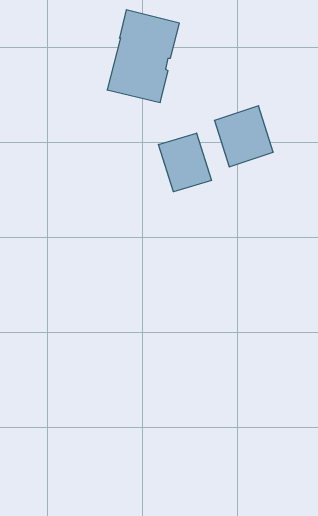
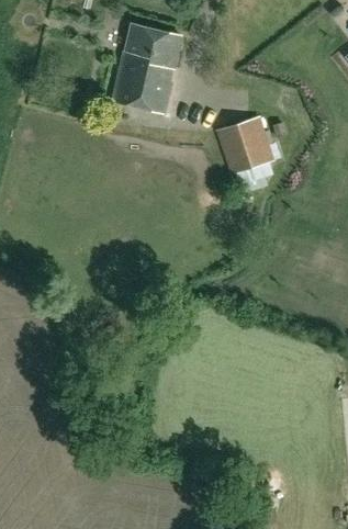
building: [158,133,212,192] -> none

